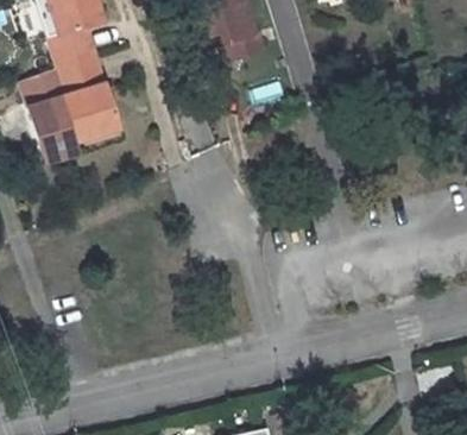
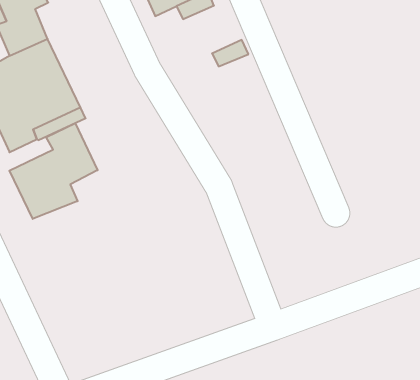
building: none -> [9,123,98,219]

